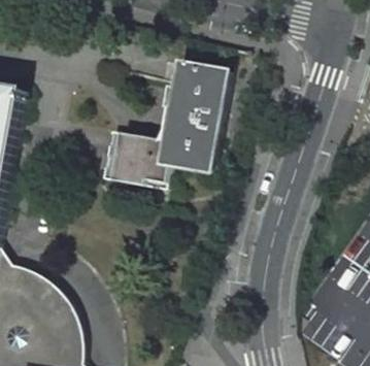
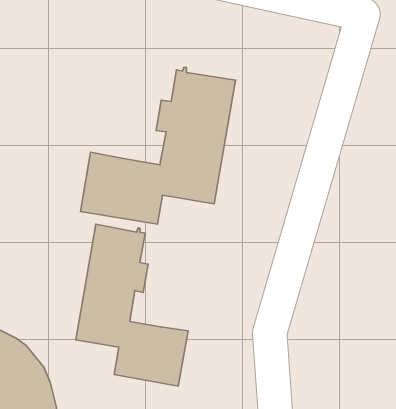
building: none -> [76,224,188,386]

